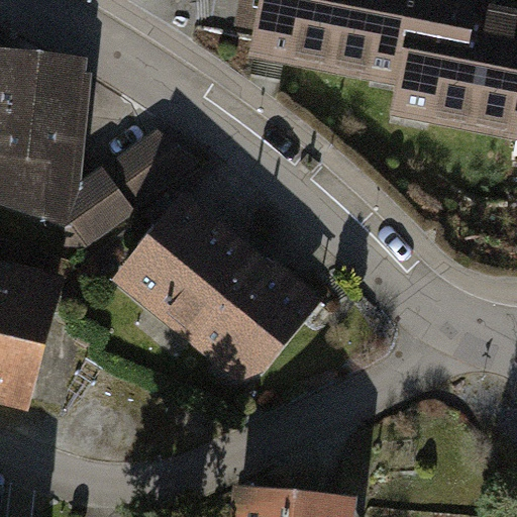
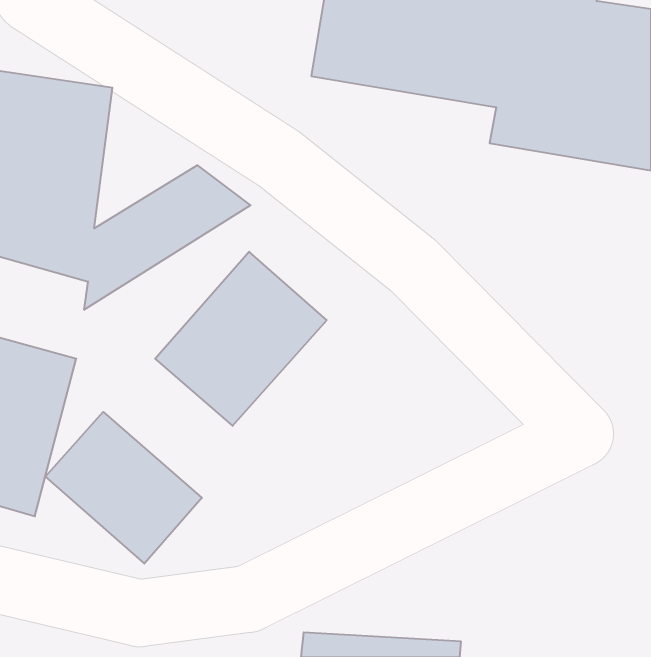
building: [182,250,315,386] -> none
building: none -> [45,412,202,564]

